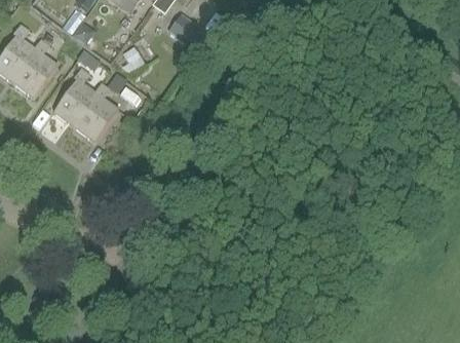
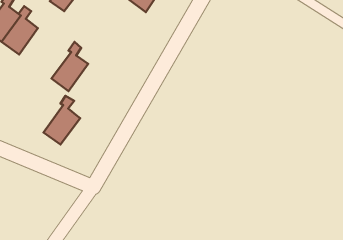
building: [53,66,98,124] -> [44,96,80,144]

